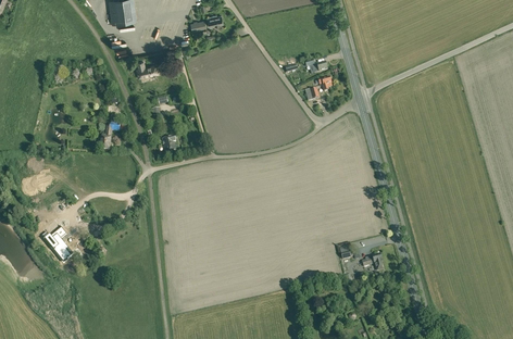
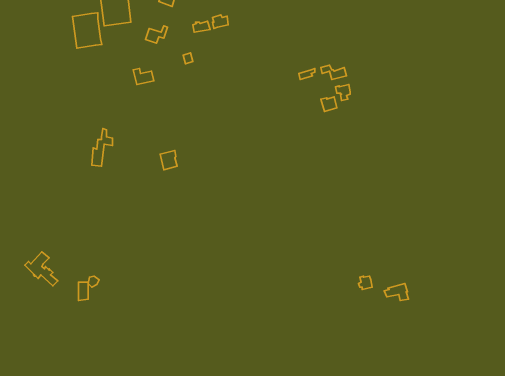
building: none -> [72,13,102,48]

